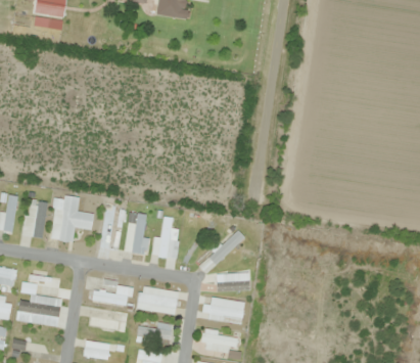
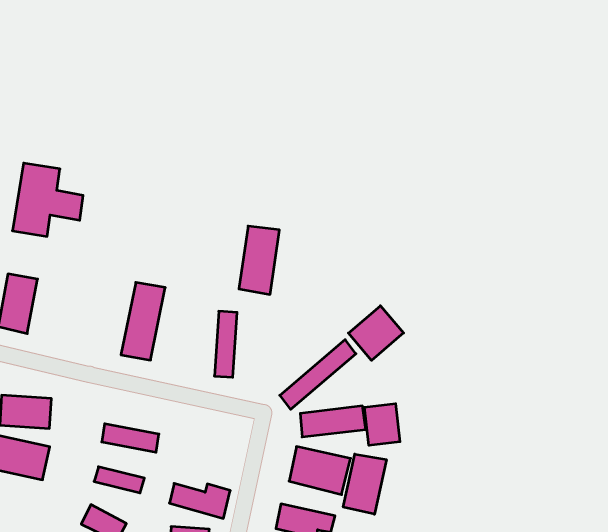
building: [51,196,93,240] -> [12,163,83,236]
building: none -> [348,306,404,360]
building: [125,213,147,254] -> [239,226,279,294]
building: none -> [364,404,400,445]
building: [137,286,178,314] -> none
building: none -> [343,454,386,514]

